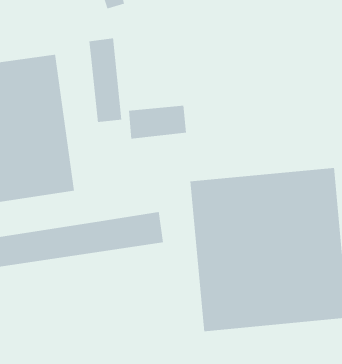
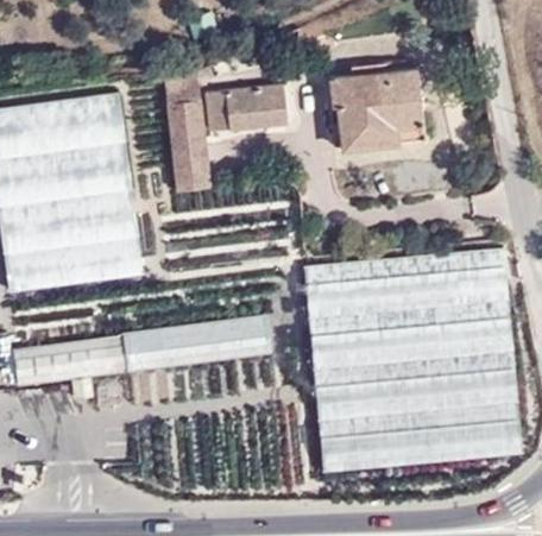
building: none -> [334,72,433,162]
building: [128,105,187,139] -> [207,77,288,124]

